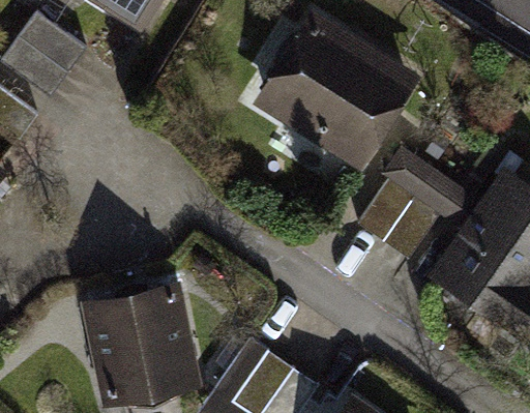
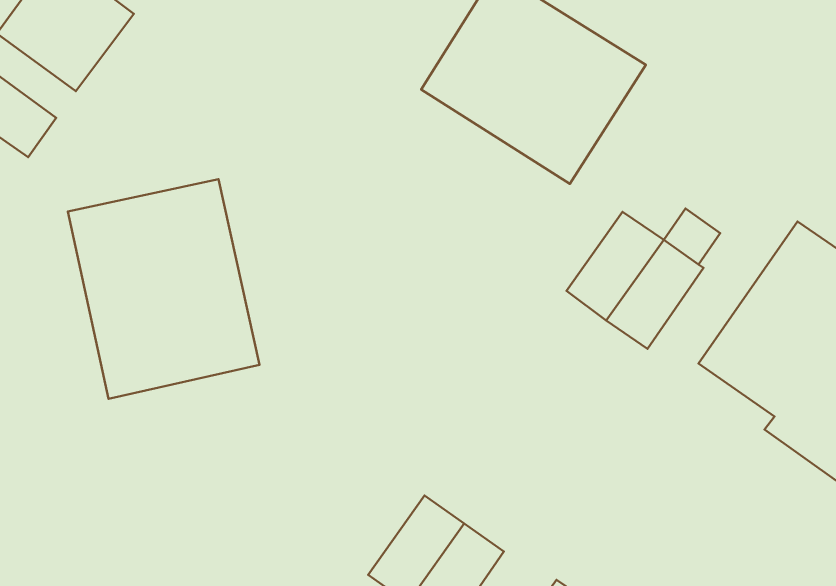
building: none -> [68,179,259,399]
building: [88,288,192,396] -> none

